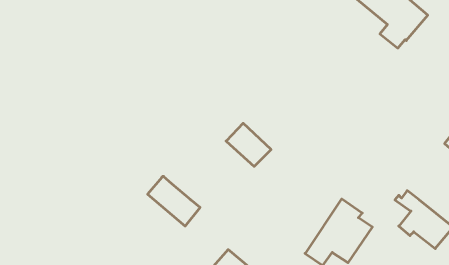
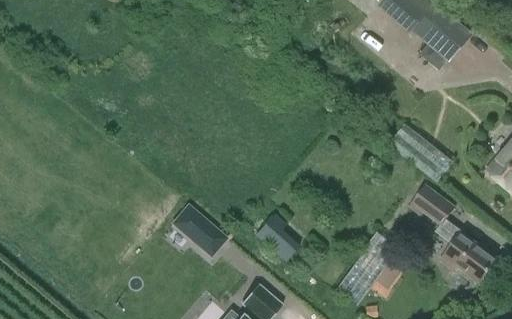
building: none -> [394,122,452,181]
building: [226,123,271,166] -> [257,214,305,260]
building: none -> [412,187,456,228]

